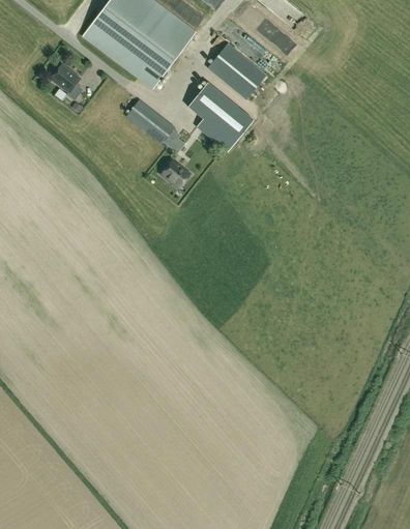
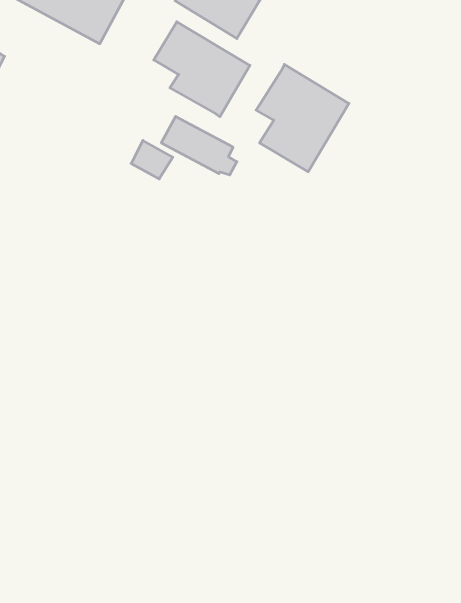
building: [126,98,176,144] -> [161,116,237,175]
building: none -> [256,64,349,172]

